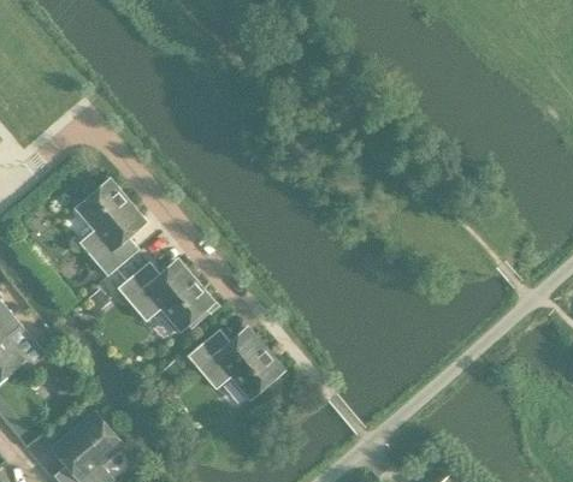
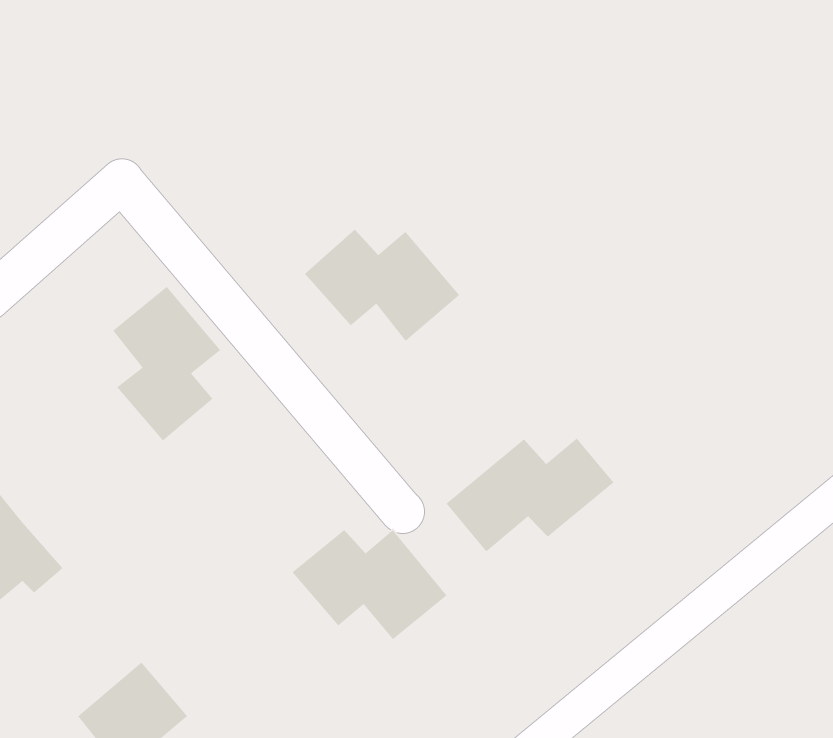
building: [117,261,213,331] -> [304,229,460,342]
building: none -> [446,438,615,553]

